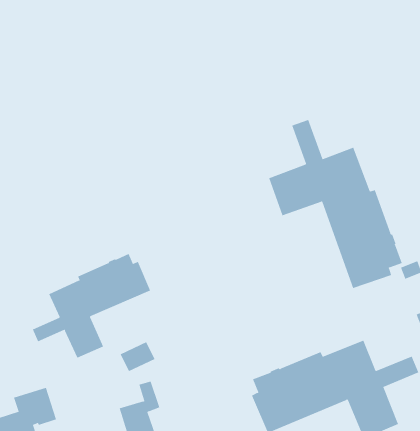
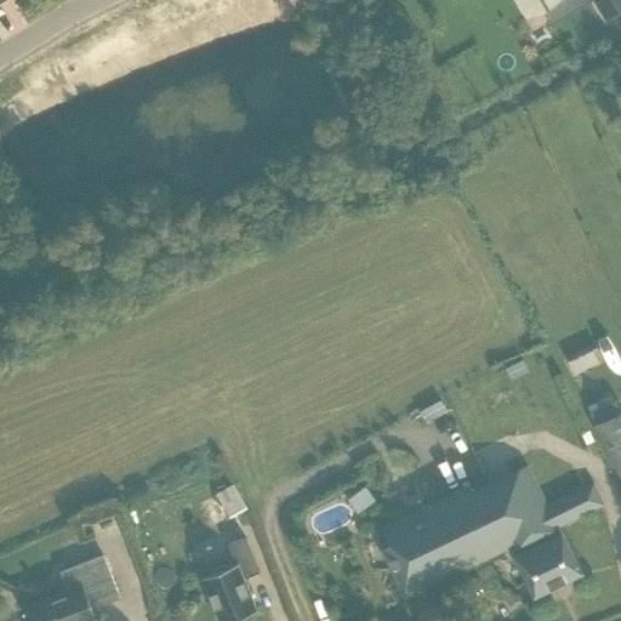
building: [269,119,403,289] -> none
building: [32,253,151,359] -> none

